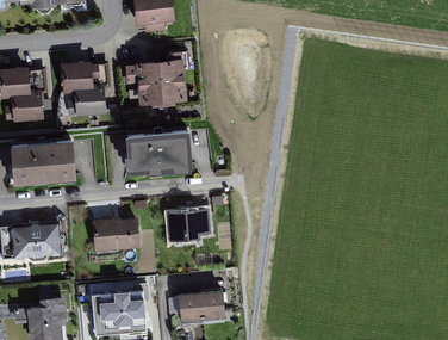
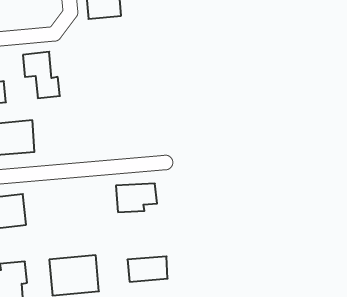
building: [133,58,183,104] -> none
building: [125,129,191,168] -> none
building: [93,220,138,252] -> none

